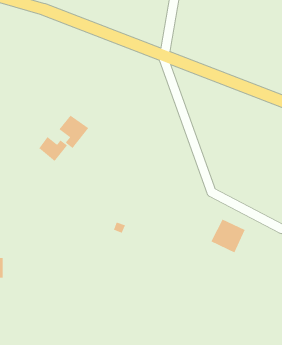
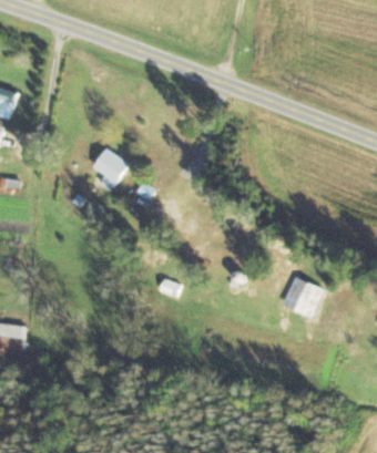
building: [38,136,68,162] -> none

